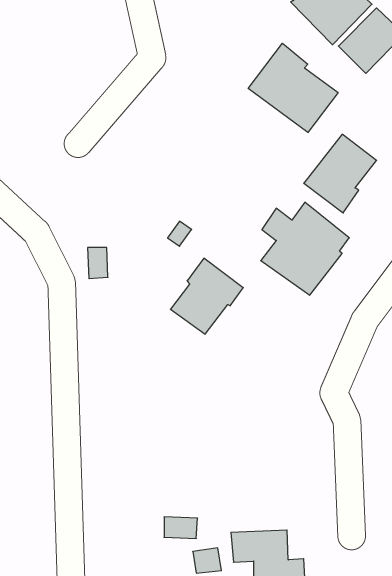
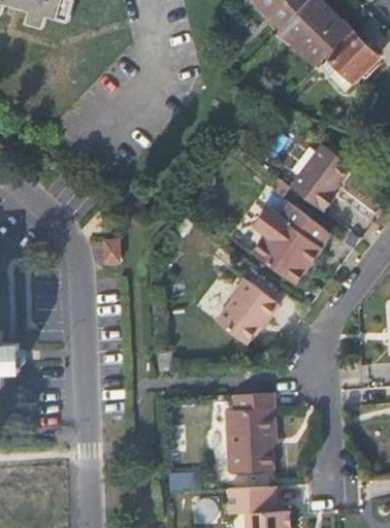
building: [248,43,338,132] -> none
building: [170,258,243,334] -> [217,276,280,342]
building: none -> [224,392,274,470]

